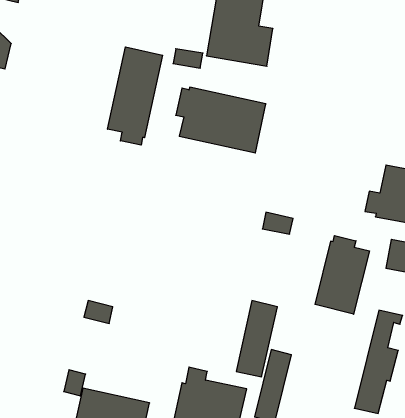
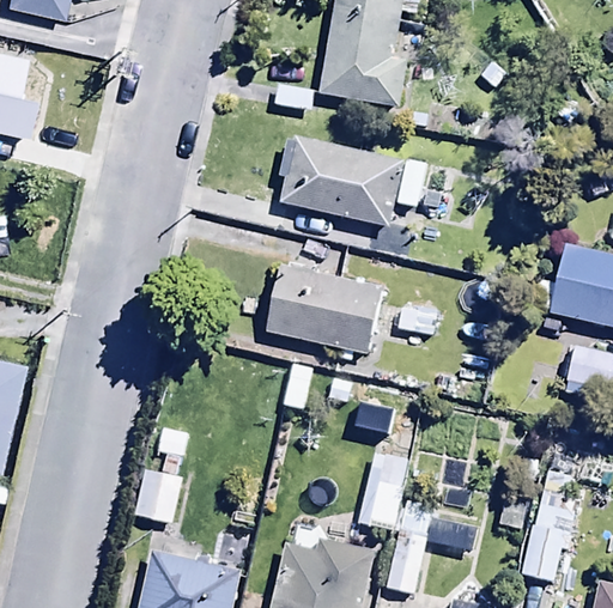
building: [108,47,163,145] -> none
building: none -> [265,260,383,355]
building: [315,236,369,314] -> none
building: none -> [133,468,182,523]

